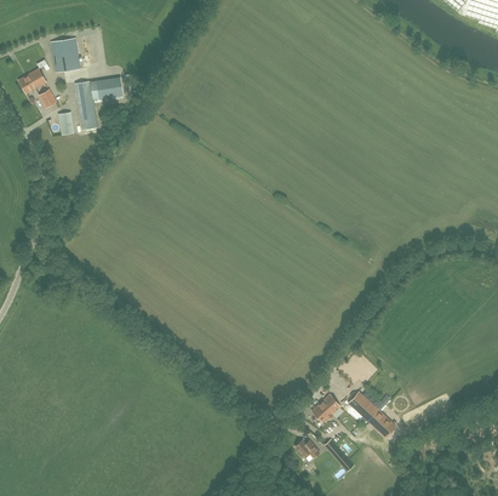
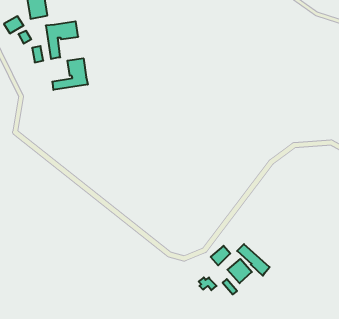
building: none -> [52,58,88,90]
building: none -> [227,259,252,283]

